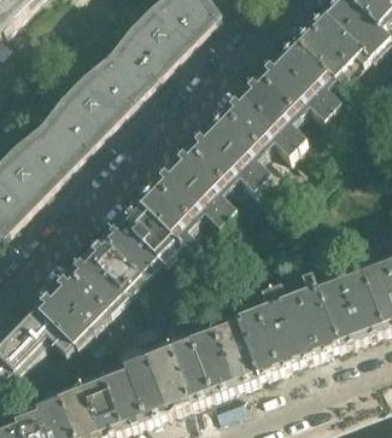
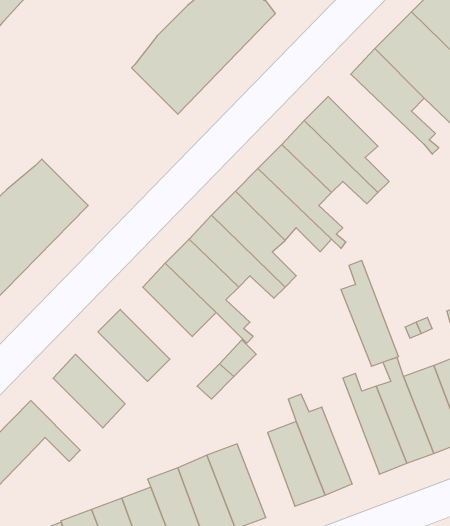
building: [45,53,147,157] -> none
building: [261,58,333,121] -> none
building: [104,218,158,273] -> none
building: [70,252,124,306] -> none
building: [36,287,90,341] -> none
building: [256,287,299,367] -> [341,261,399,366]
building: [192,328,235,392] -> none

